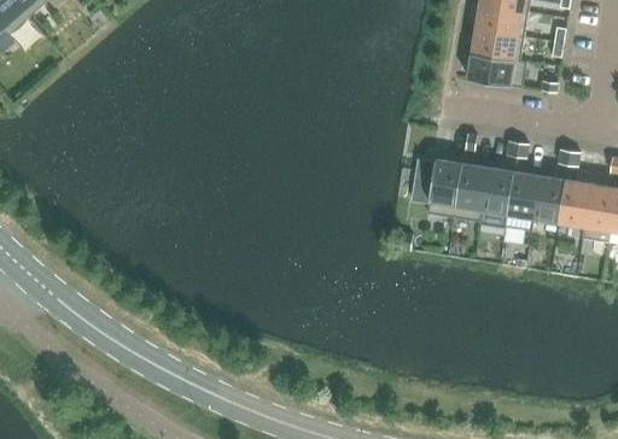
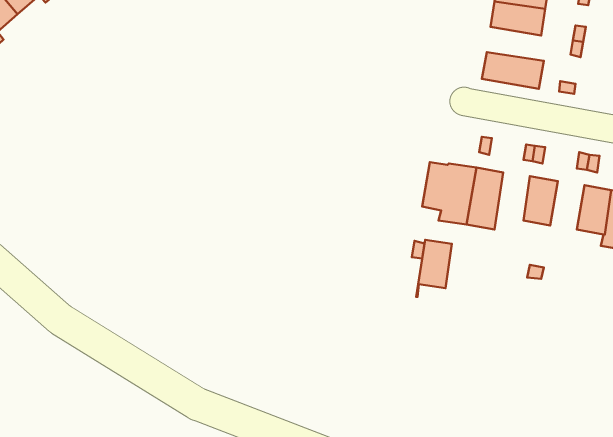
building: [471,29,525,62] -> none
building: [478,168,512,222] -> [416,240,452,297]
building: [531,176,564,222] -> none

